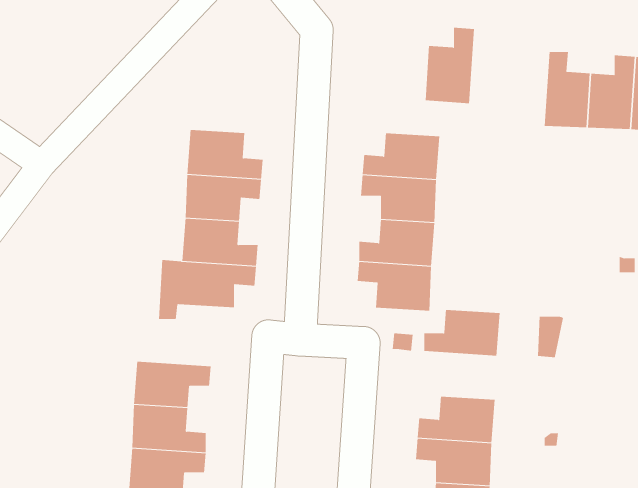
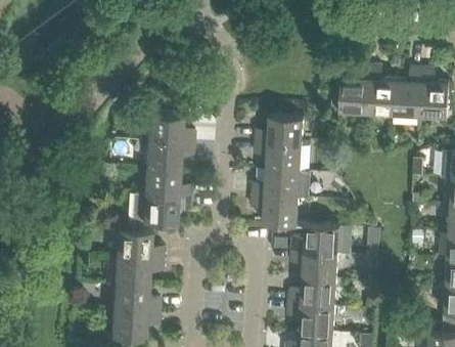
building: [425,27,475,104] -> [339,66,370,113]
building: none -> [118,230,164,260]
building: none -> [292,251,338,280]

